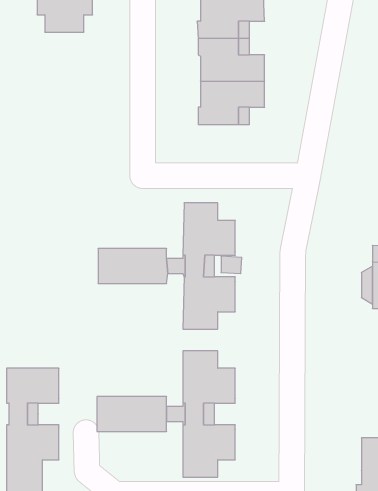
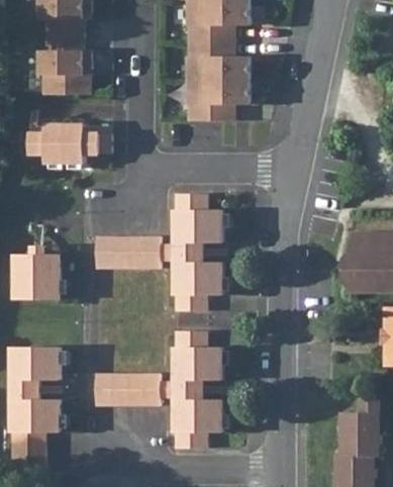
building: none -> [38,34,90,94]
building: none -> [28,124,111,163]
building: none -> [13,254,59,298]

